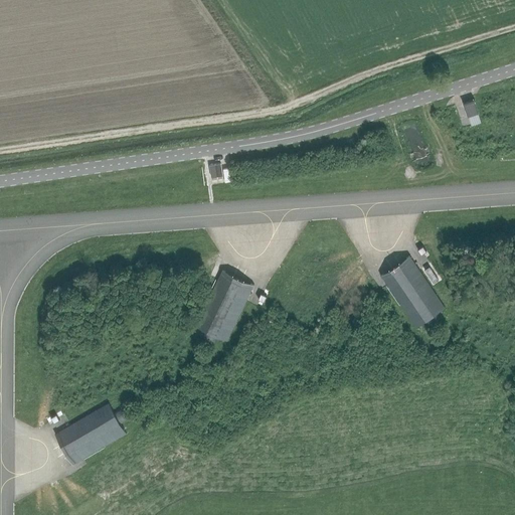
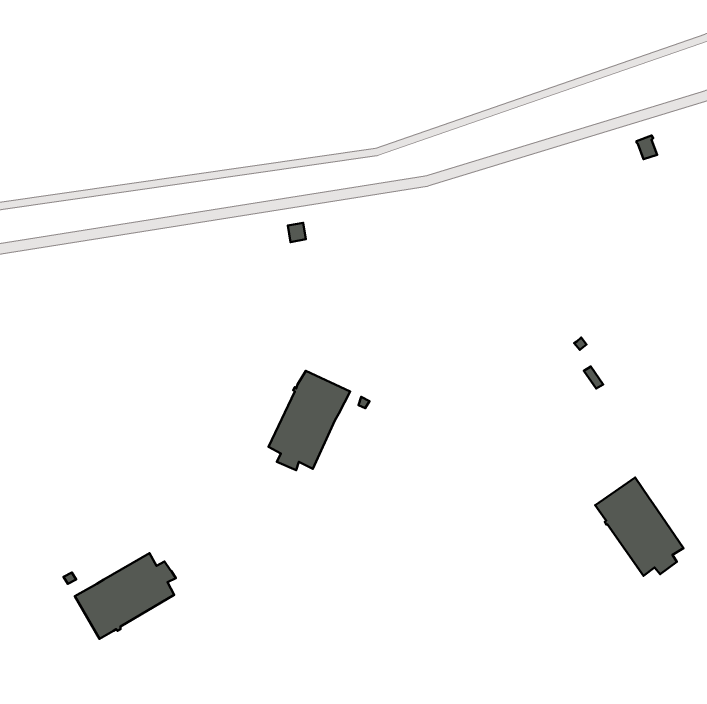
building: [380,258,445,329] -> [595,477,684,576]

